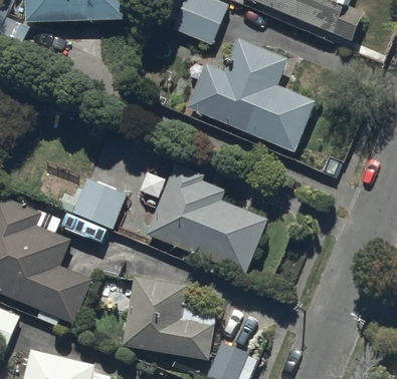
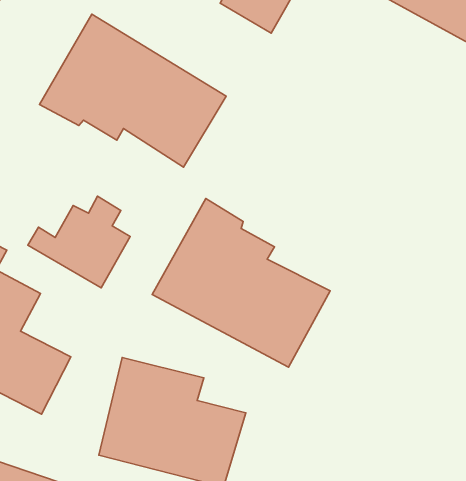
building: [188,38,317,150] -> none
building: none -> [39,14,226,167]

